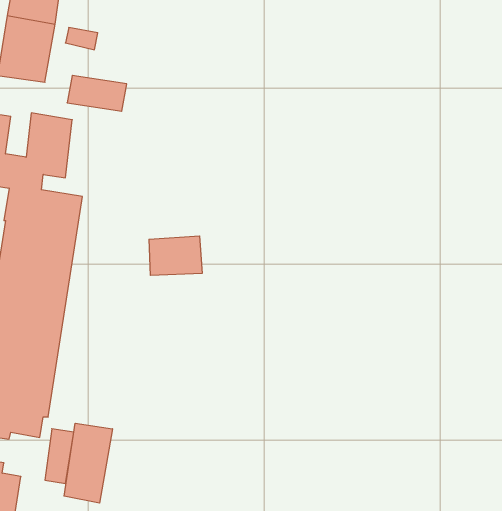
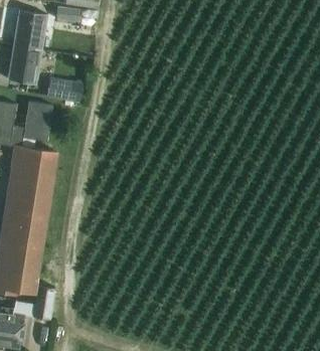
building: [149,236,202,275] -> none
building: [64,423,112,503] -> none

